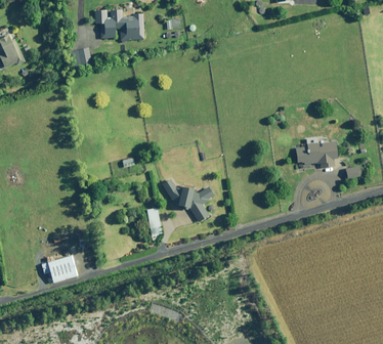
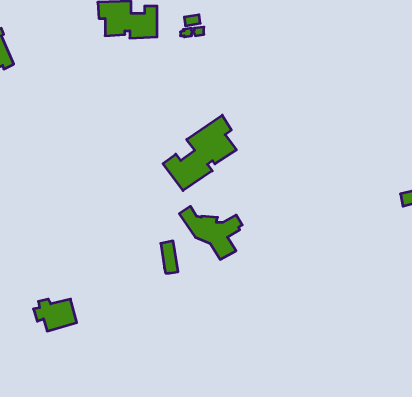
building: none -> [163,115,236,191]
building: [294,140,337,166] -> none

